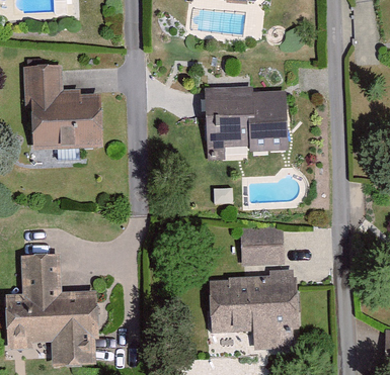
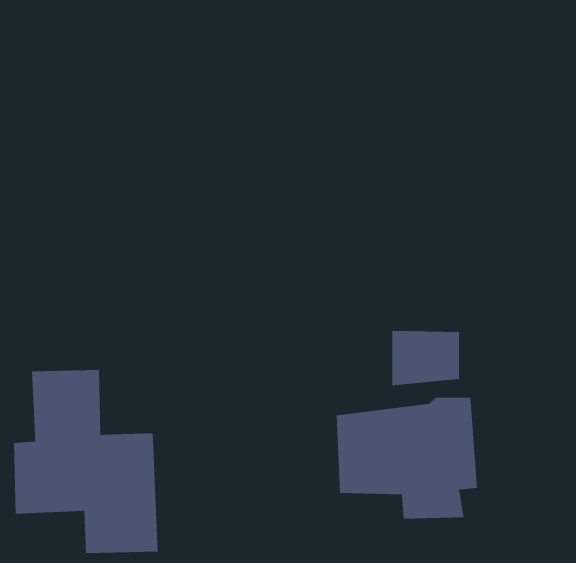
building: [25,67,100,147] -> none
building: [205,86,285,151] -> none

